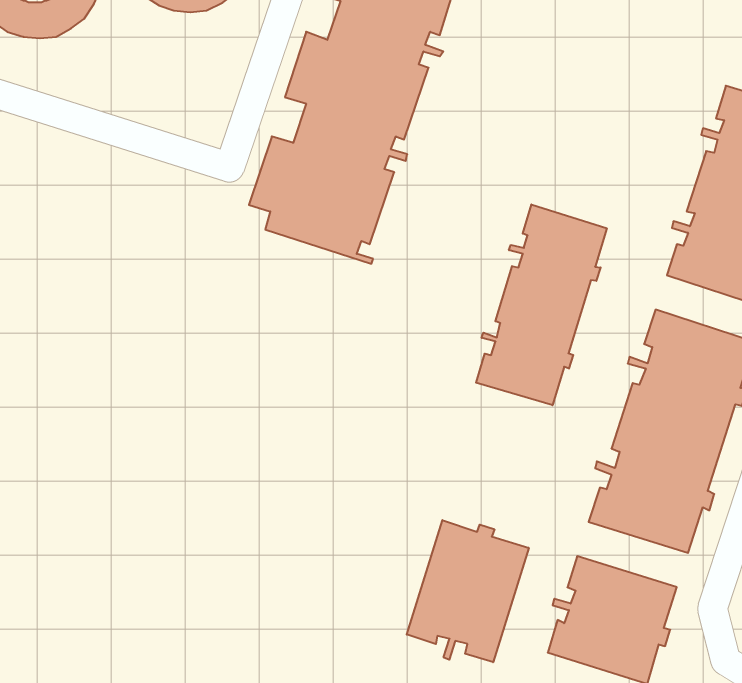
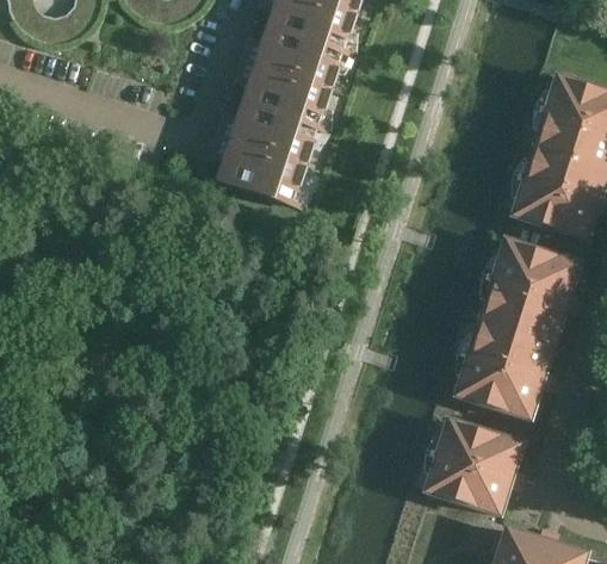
building: [476,204,607,405] -> none
building: [407,520,529,662] -> none

